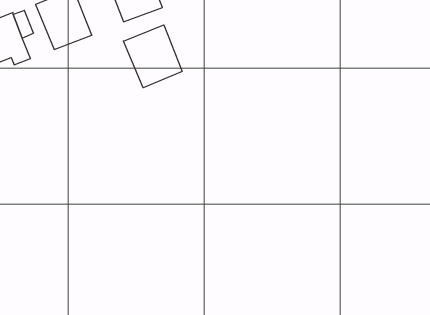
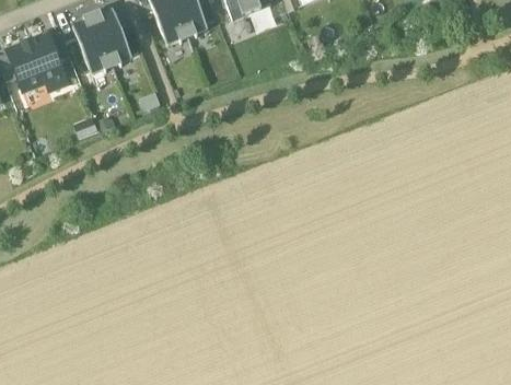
building: [123,25,182,88] -> none

